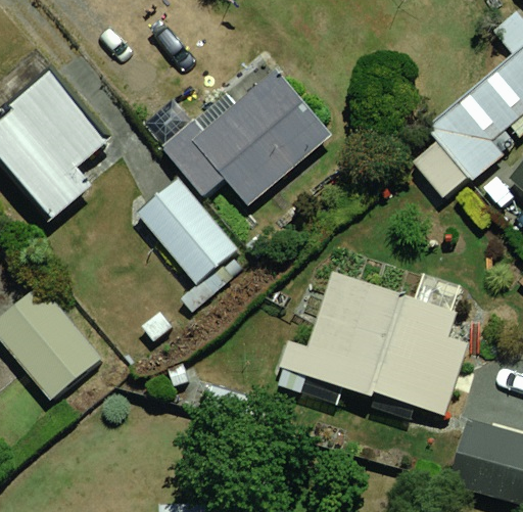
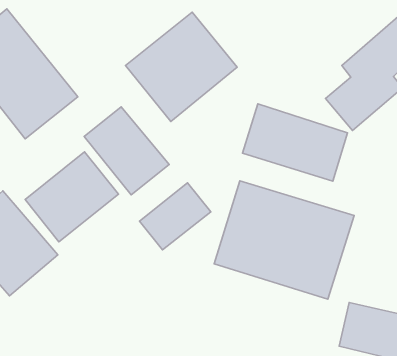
building: none -> [242,104,348,181]
building: none -> [25,152,119,242]
building: none -> [140,183,211,250]

